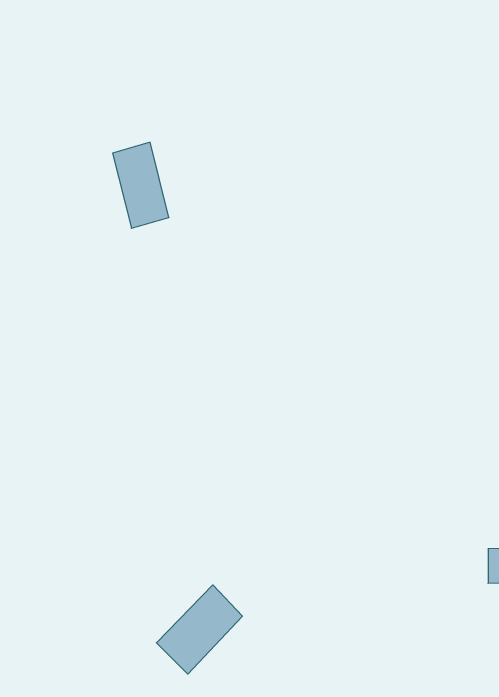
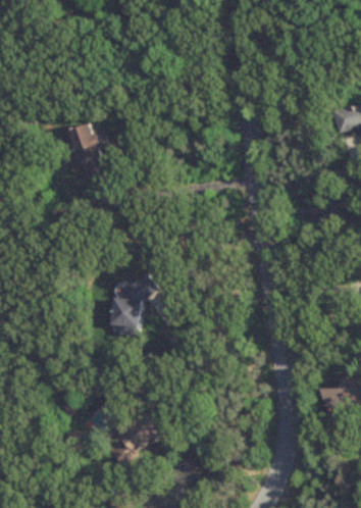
building: none -> [106,280,143,337]

